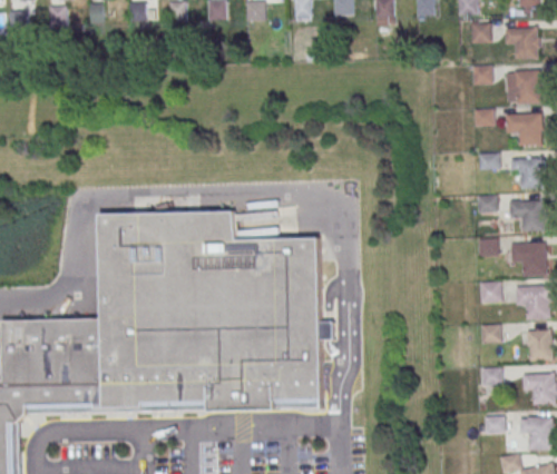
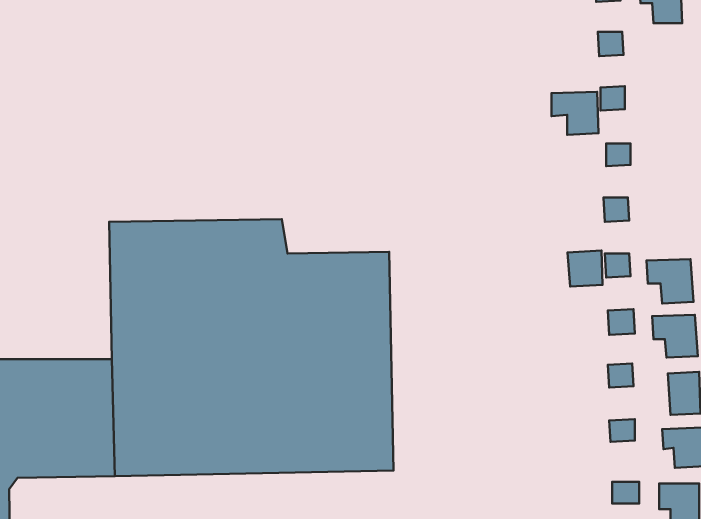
building: [507,69,541,102] -> none
building: [507,112,544,146] -> [551,92,599,135]
building: [511,157,543,188] -> none
building: [509,200,545,231] -> none
building: none -> [568,250,602,287]

